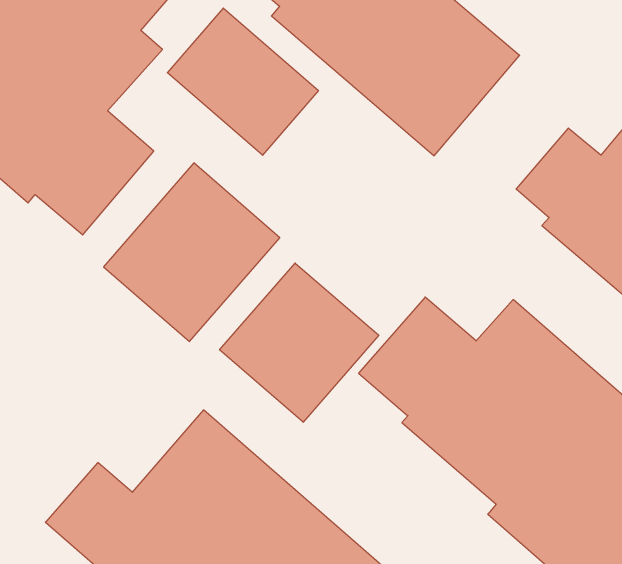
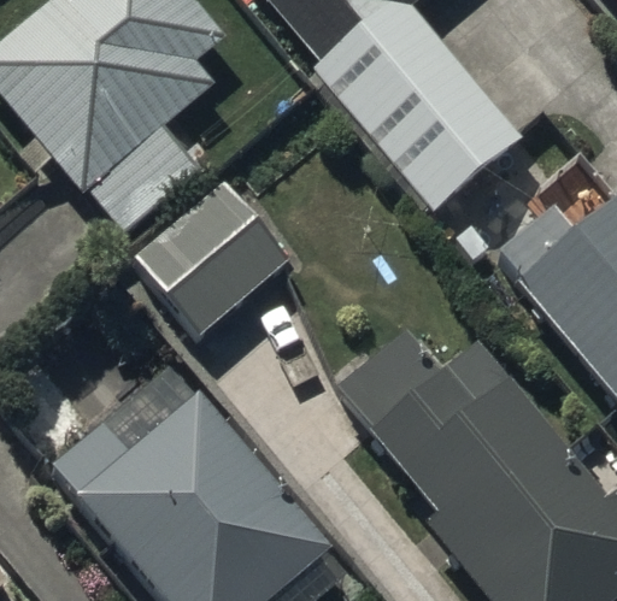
building: [167,8,318,155] -> none
building: [220,263,379,422] -> none

